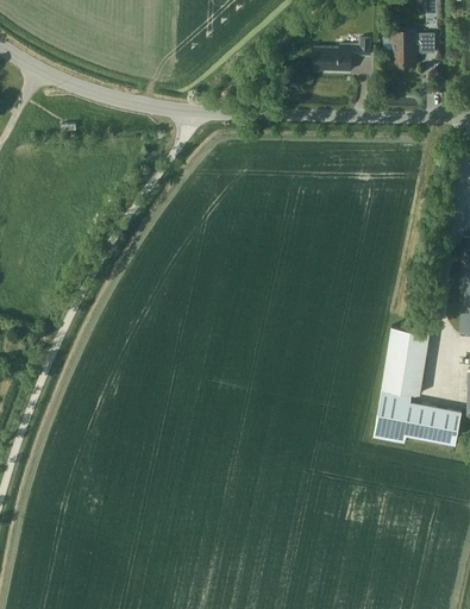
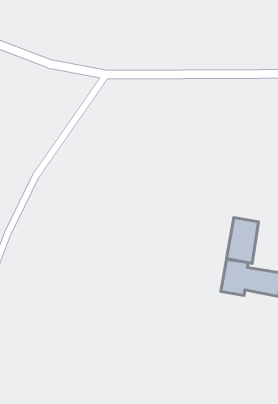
building: [391,32,435,64] -> none
building: [313,38,370,71] -> none

